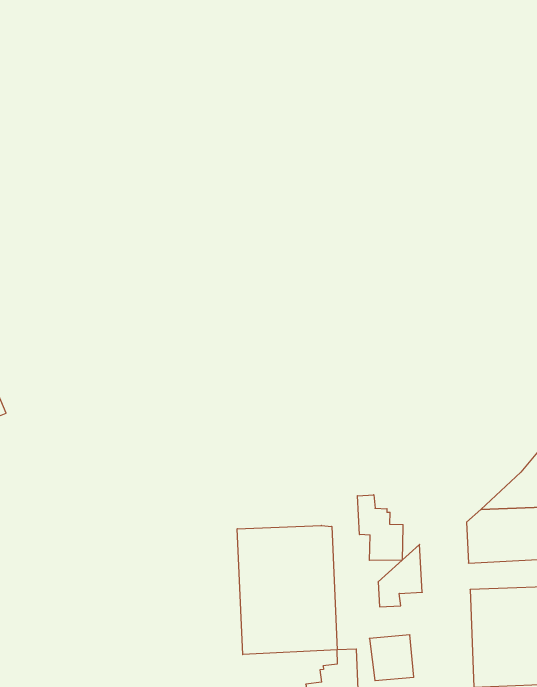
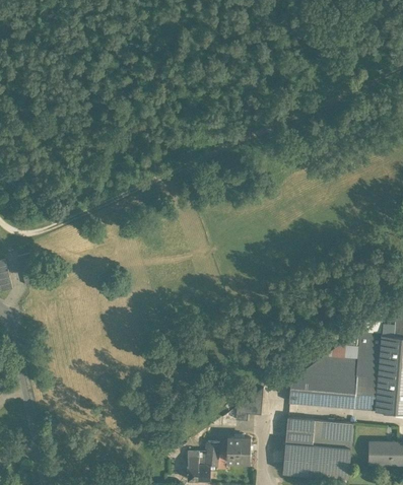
building: [357,495,403,560] -> none
building: [237,525,337,655] -> none

